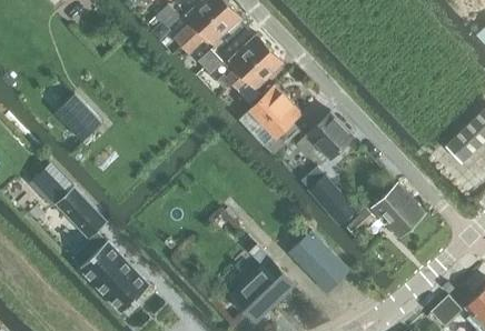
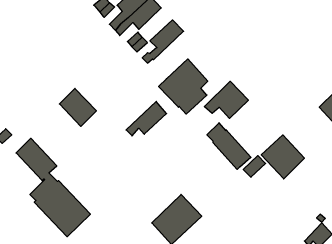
building: [231,48,284,92] -> [126,101,167,136]
building: [53,93,101,142] -> [59,88,96,126]
building: [288,231,348,292] -> none

